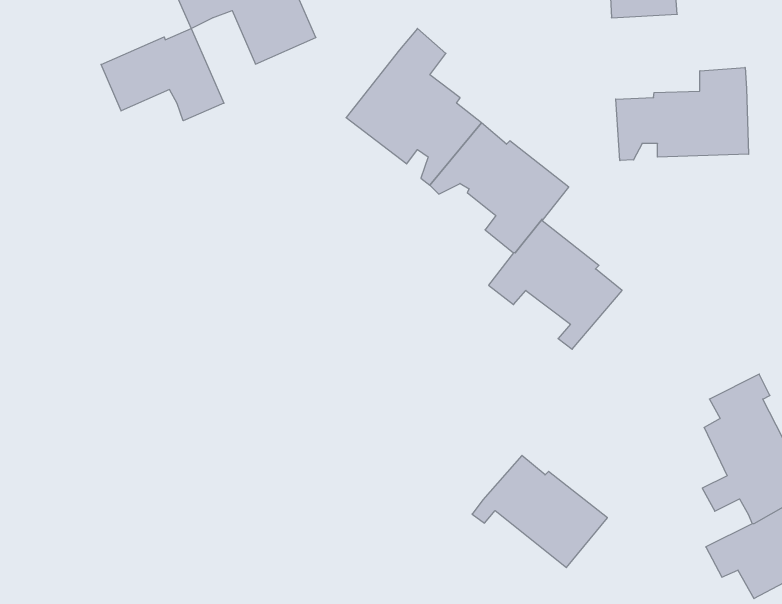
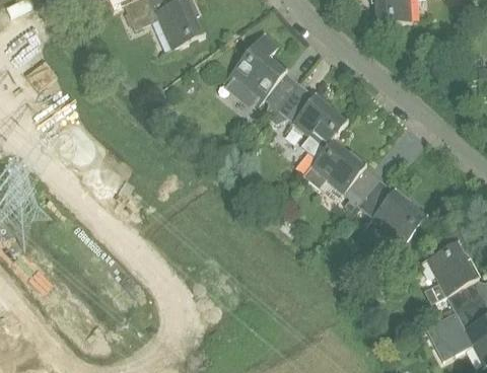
building: [101,28,224,121] -> none
building: [616,67,749,161] -> none
building: [472,455,607,568] -> [352,179,429,243]

